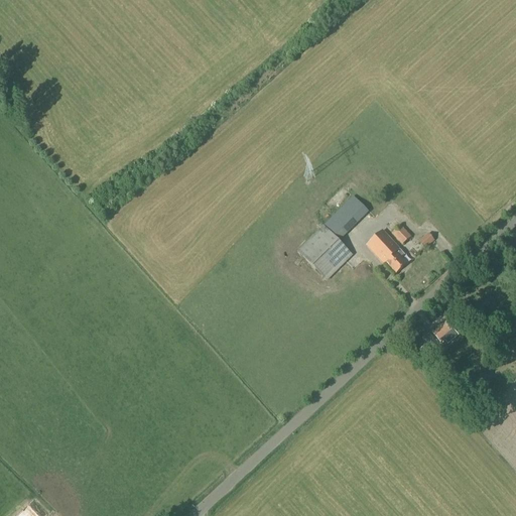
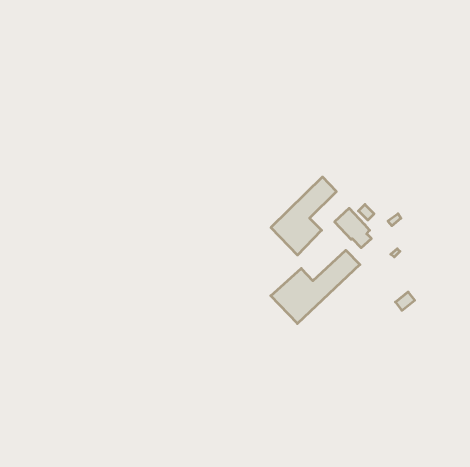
building: none -> [271,250,360,324]

